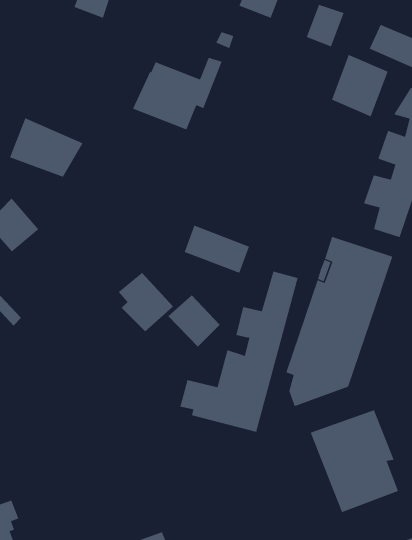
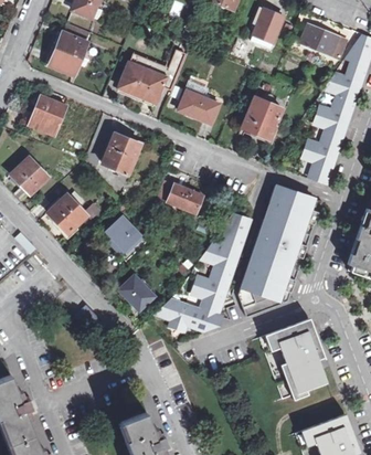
building: none -> [52,22,95,76]
building: [331,54,388,117] -> [246,94,290,142]
building: none -> [180,88,226,126]
building: none -> [105,130,149,176]
building: none -> [41,193,87,239]
building: [168,295,221,348] -> [120,273,161,314]

